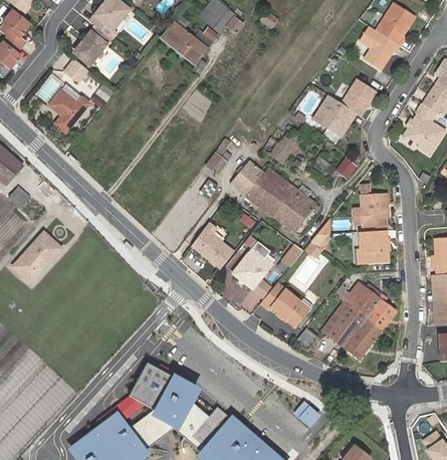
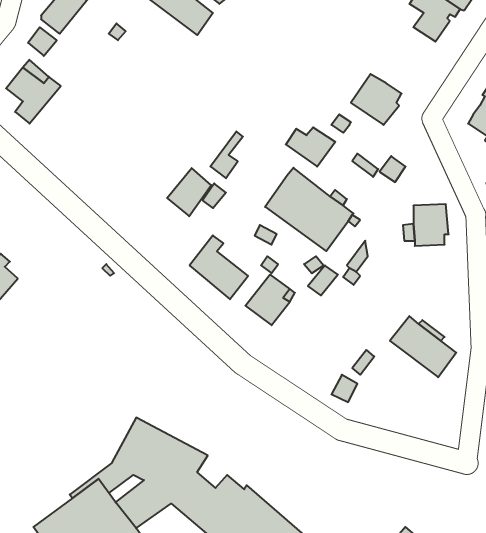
building: [341,79,376,116] -> none
building: [230,161,264,198] -> [167,168,211,216]
building: [360,232,388,265] -> none
building: [262,284,312,328] -> none
building: [320,301,381,360] -> none

